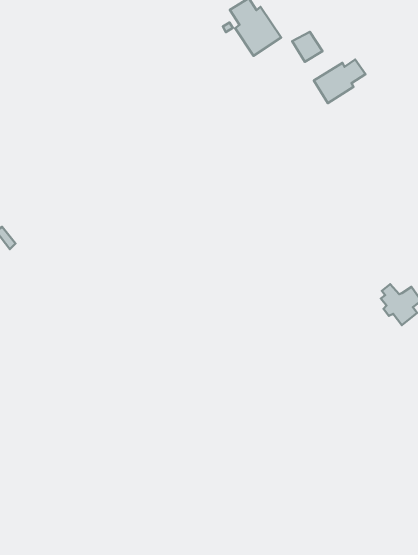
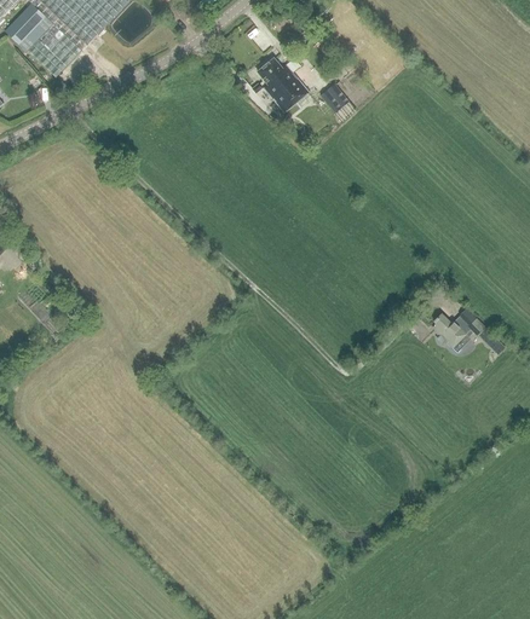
building: [314,59,365,103] -> none

